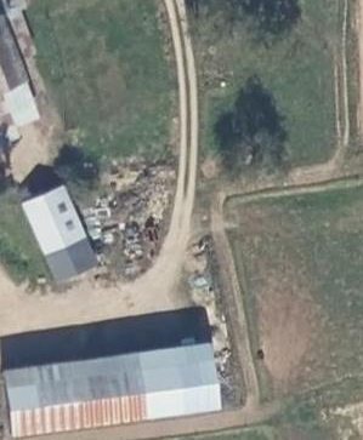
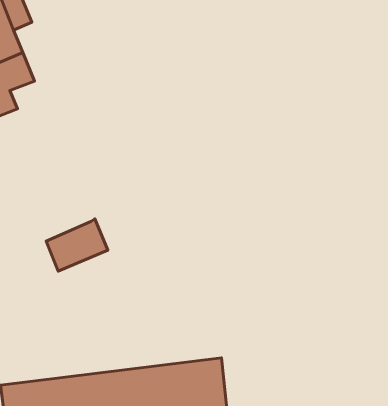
building: [23,182,86,250] -> none

